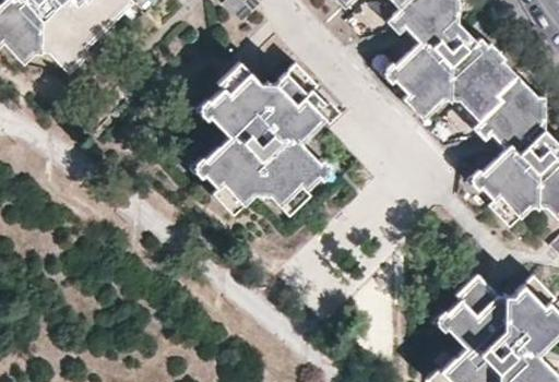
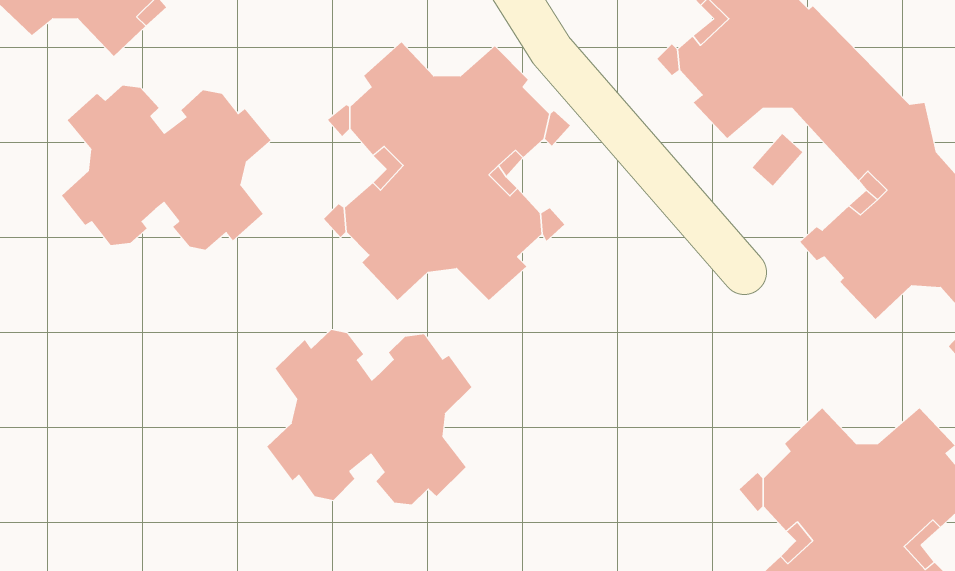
building: none -> [61,85,272,250]
building: none -> [266,329,472,505]

